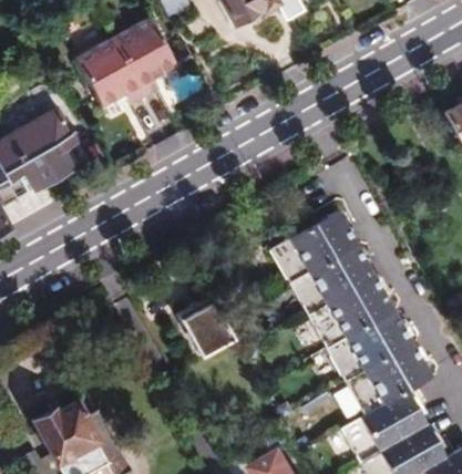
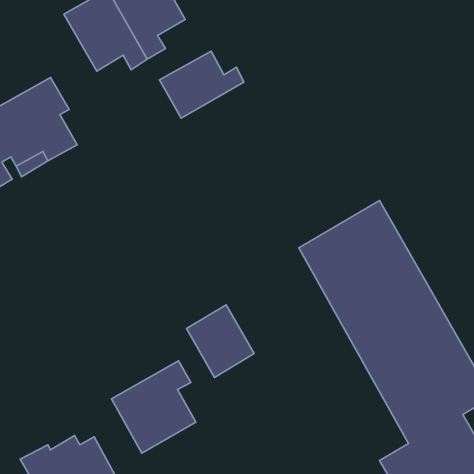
building: none -> [160,51,244,118]
building: none -> [111,361,196,453]

